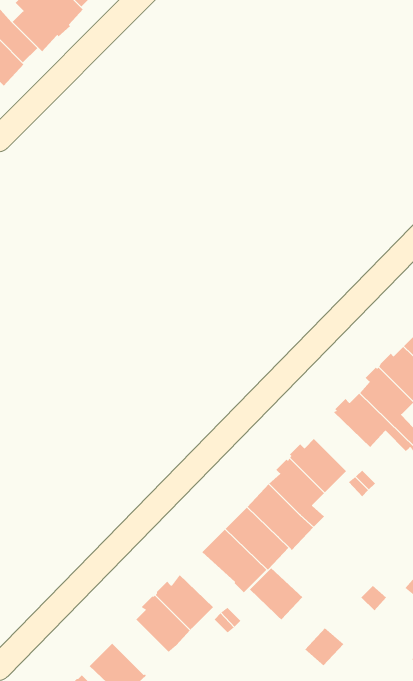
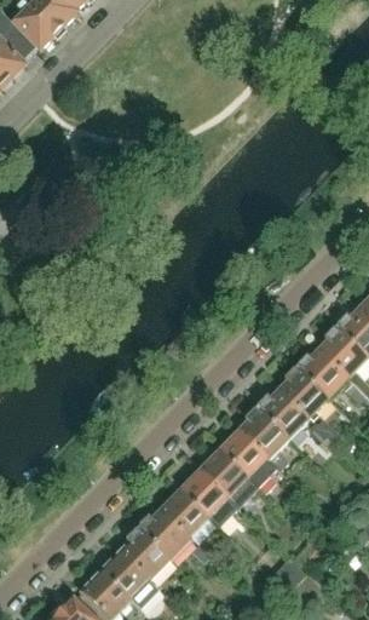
building: none -> [278,367,328,419]
building: [249,568,304,623] -> [160,490,208,539]
building: none -> [100,550,150,598]

